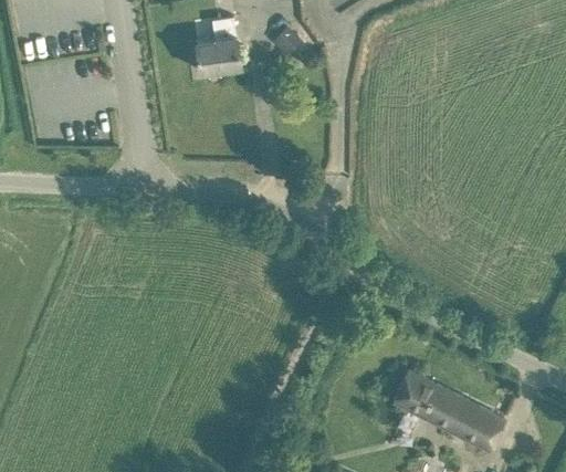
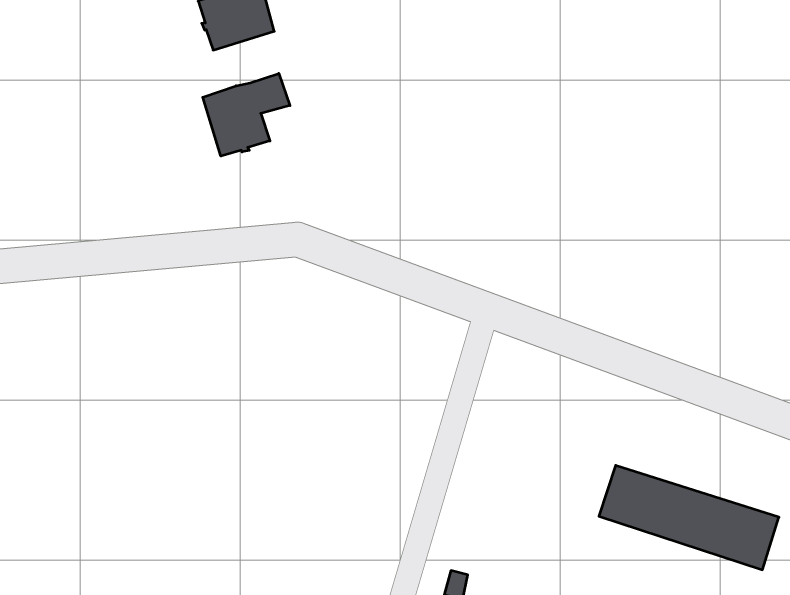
building: none -> [203,73,290,156]

